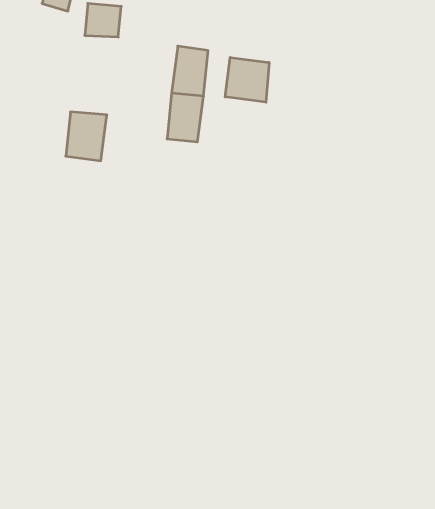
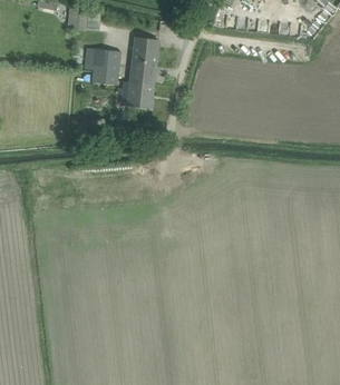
building: [225,57,269,102] -> none
building: [66,112,107,161] -> [89,50,119,86]

